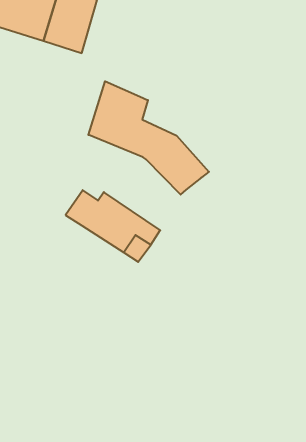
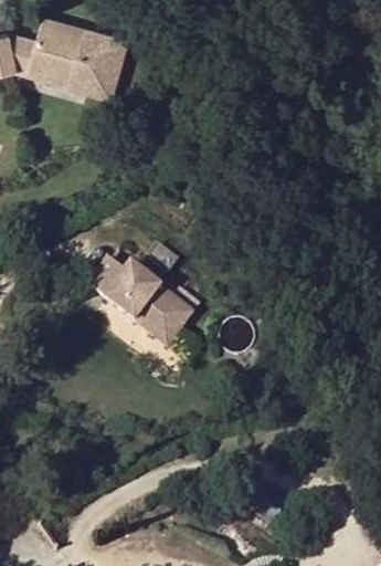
building: [88,81,209,195] -> none

